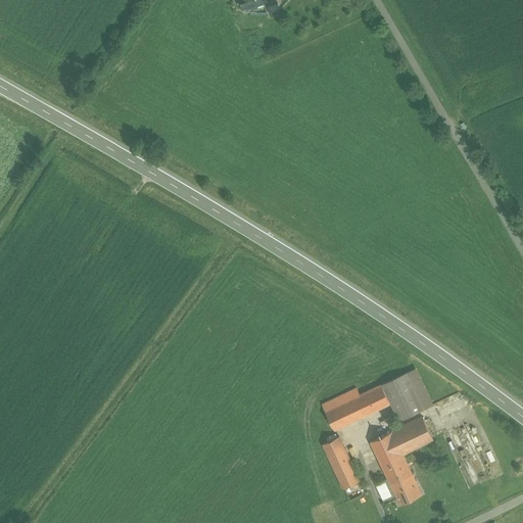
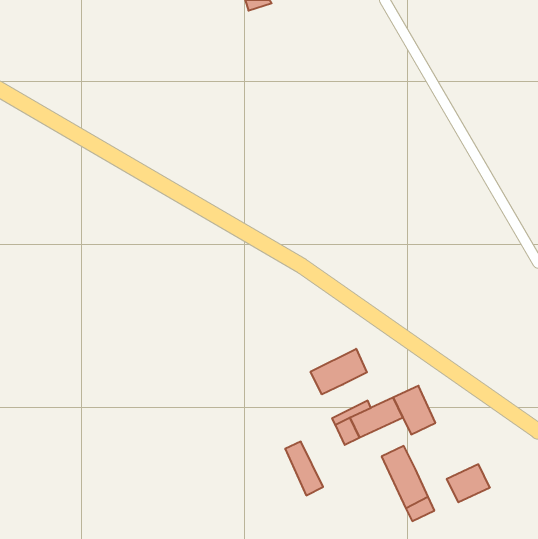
building: none -> [311,349,367,394]
building: [390,418,432,455] -> [447,464,490,502]
building: [322,437,359,489] -> [285,442,323,495]

